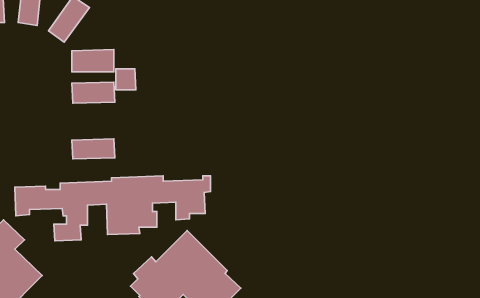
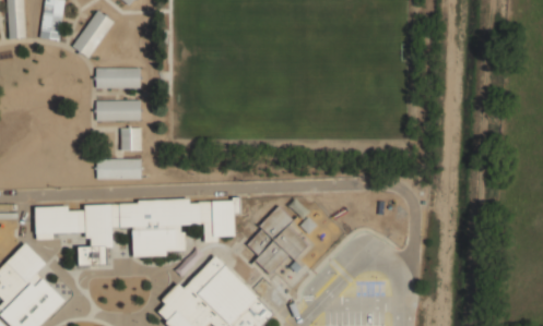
building: [116,69,136,90] -> [120,129,141,150]
building: none -> [248,205,310,274]

